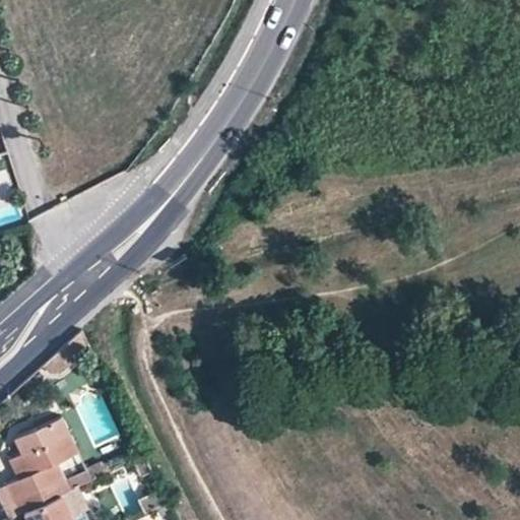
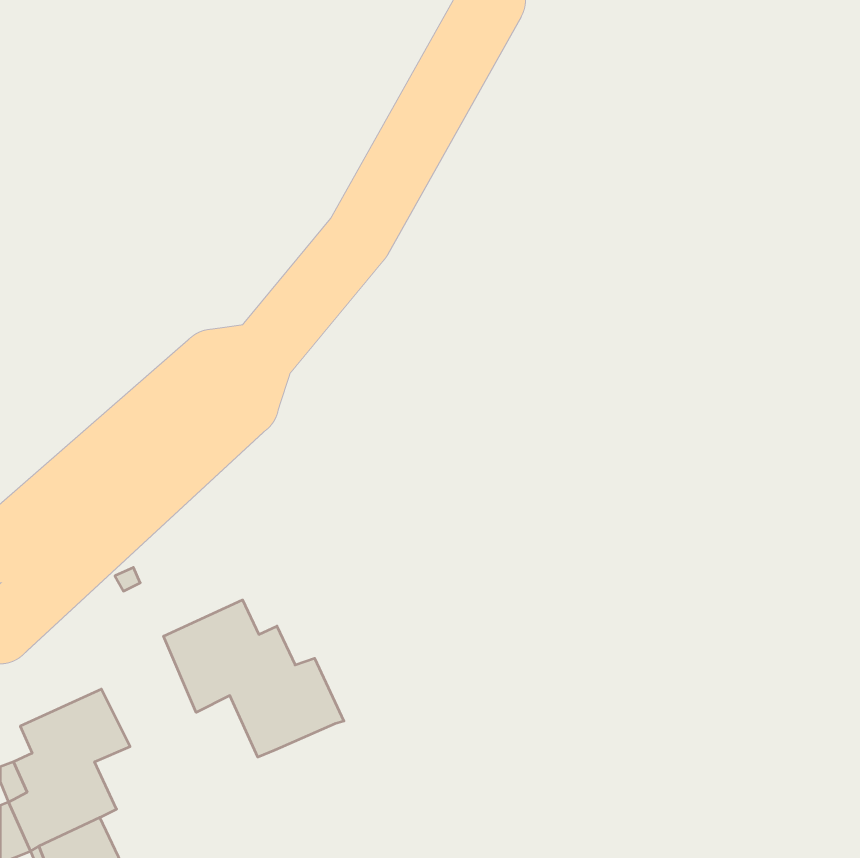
building: none -> [164,600,344,757]

